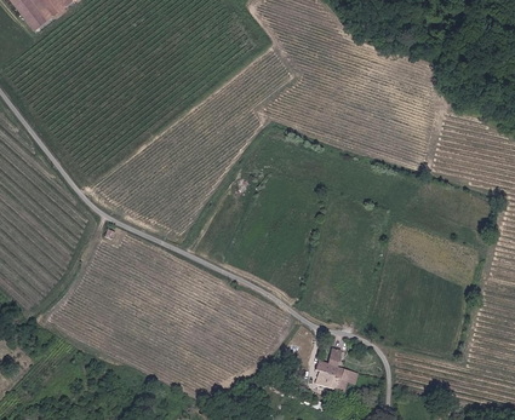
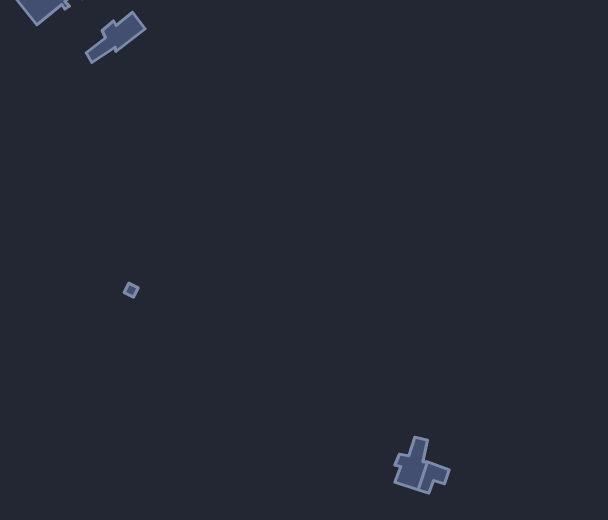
building: none -> [86,12,145,62]

